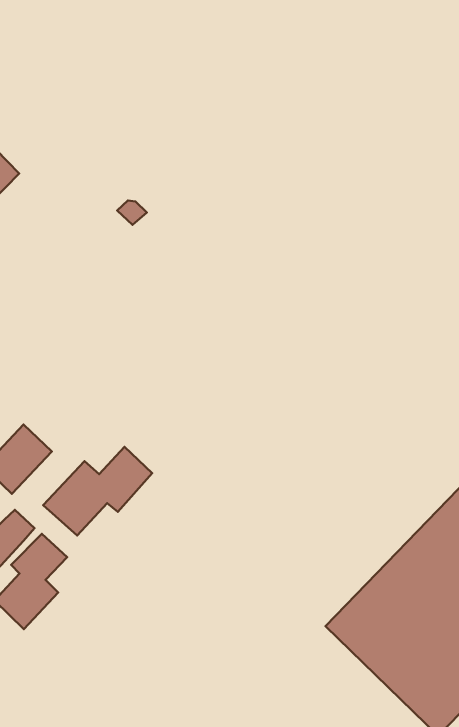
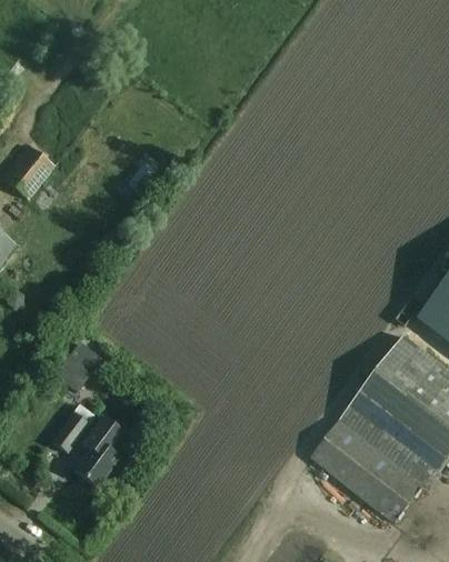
building: [43,447,152,536] -> none

